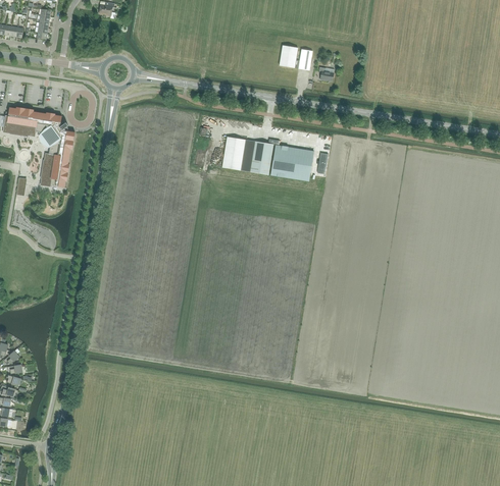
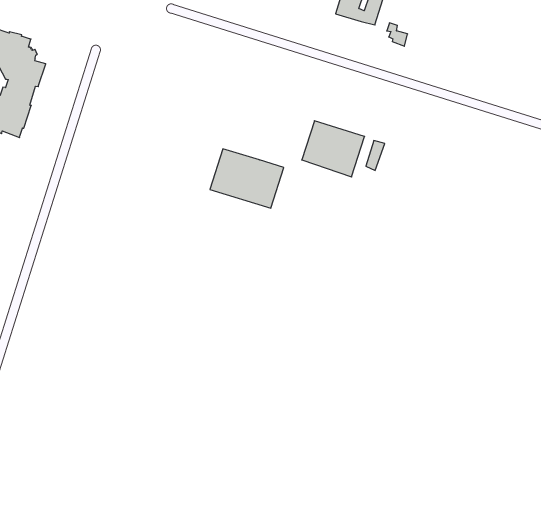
building: [222,137,273,174] -> [210,149,284,208]

